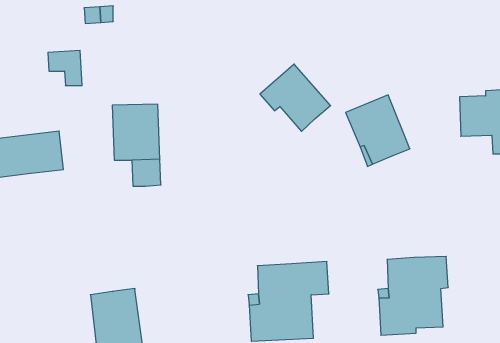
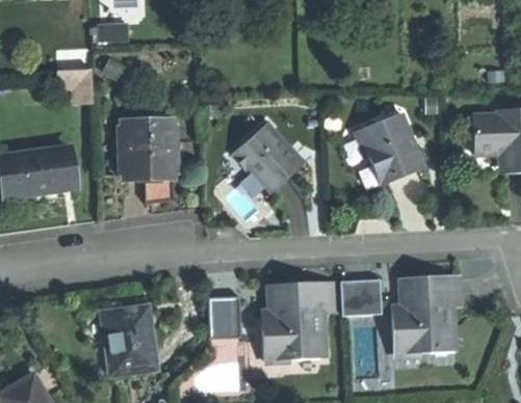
building: [260,64,331,131] -> [232,124,303,191]
building: none -> [340,278,382,316]
building: none -> [206,295,238,334]

